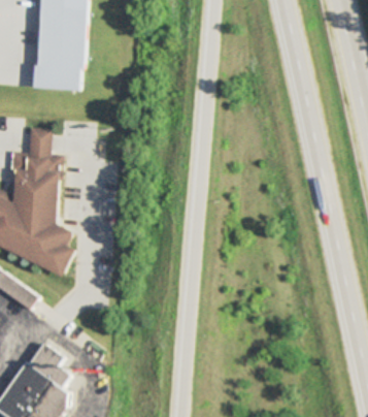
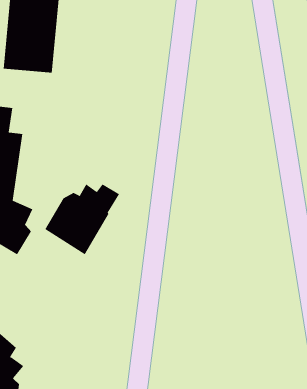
building: none -> [44,183,120,255]

